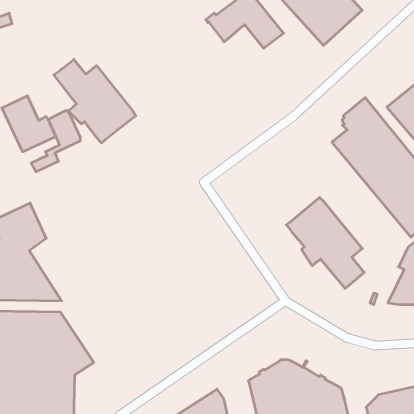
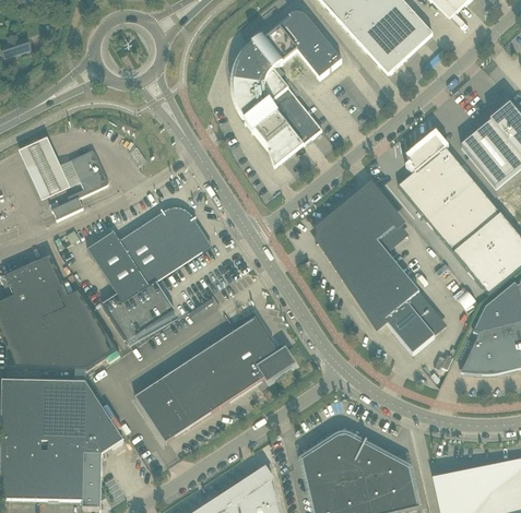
building: none -> [233,45,321,166]
building: [54,59,136,143] -> none
building: none -> [322,188,399,276]
building: none -> [86,206,211,341]
building: none -> [48,290,115,367]
building: none -> [134,309,289,441]

